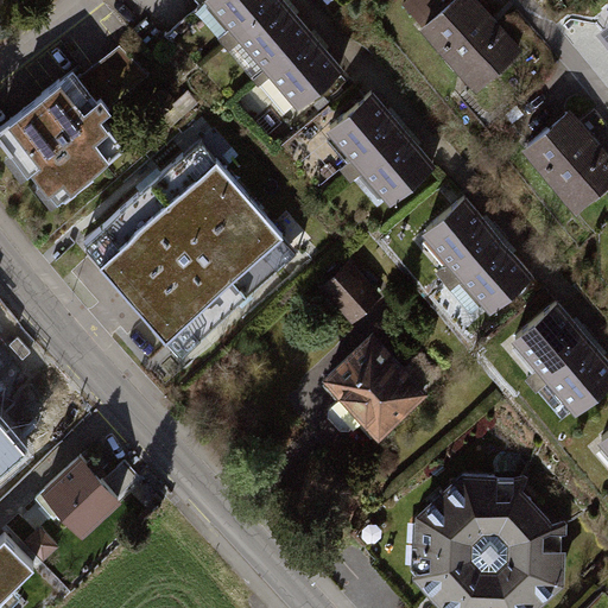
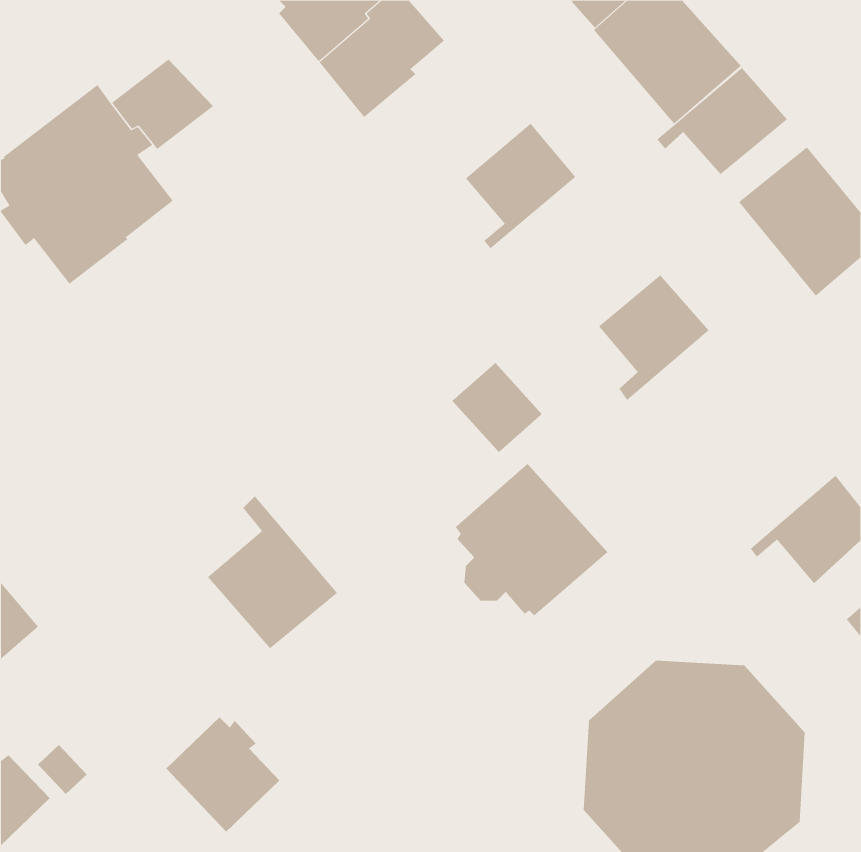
building: [256,34,344,121] -> none
building: [346,131,438,207] -> [656,67,788,175]
building: [82,140,296,353] -> none
building: [442,239,534,317] -> none
building: [509,303,589,393] -> none
building: none -> [207,496,338,649]
building: [43,457,124,539] -> [166,716,280,833]

